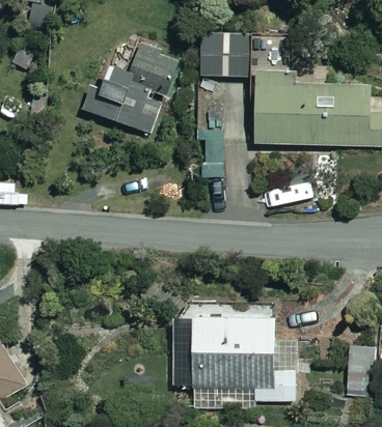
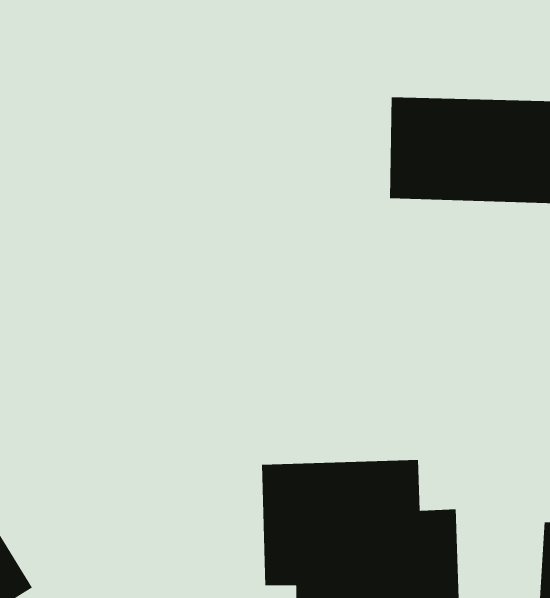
building: [199,32,251,77] -> none
building: [83,44,179,134] -> none

